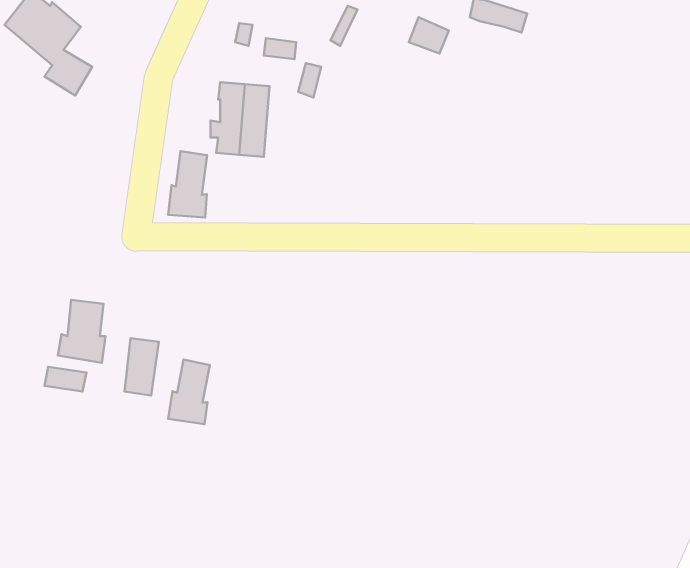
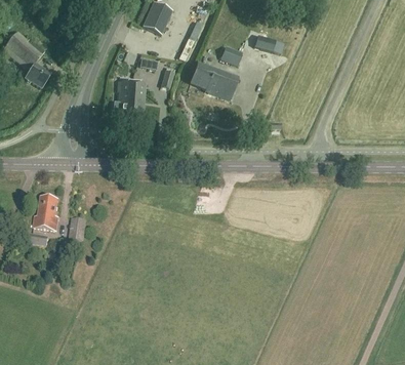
building: none -> [191,60,238,98]
building: [168,151,207,218] -> none
building: [168,360,210,424] -> none

